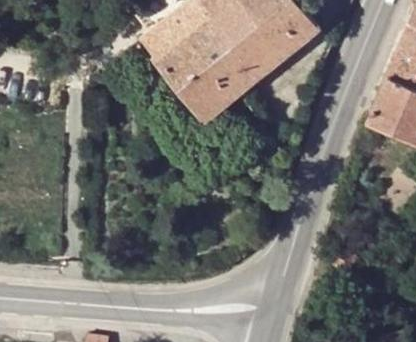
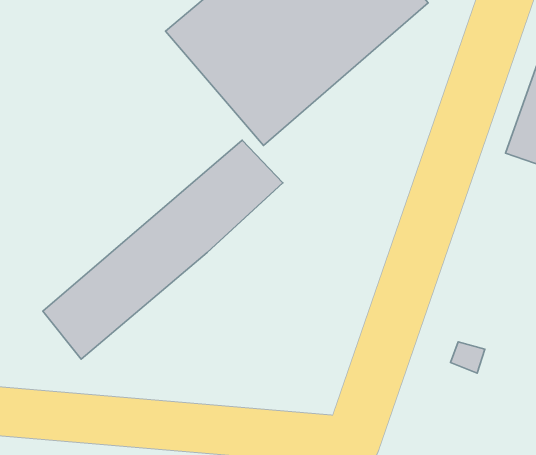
building: none -> [43,140,283,359]

